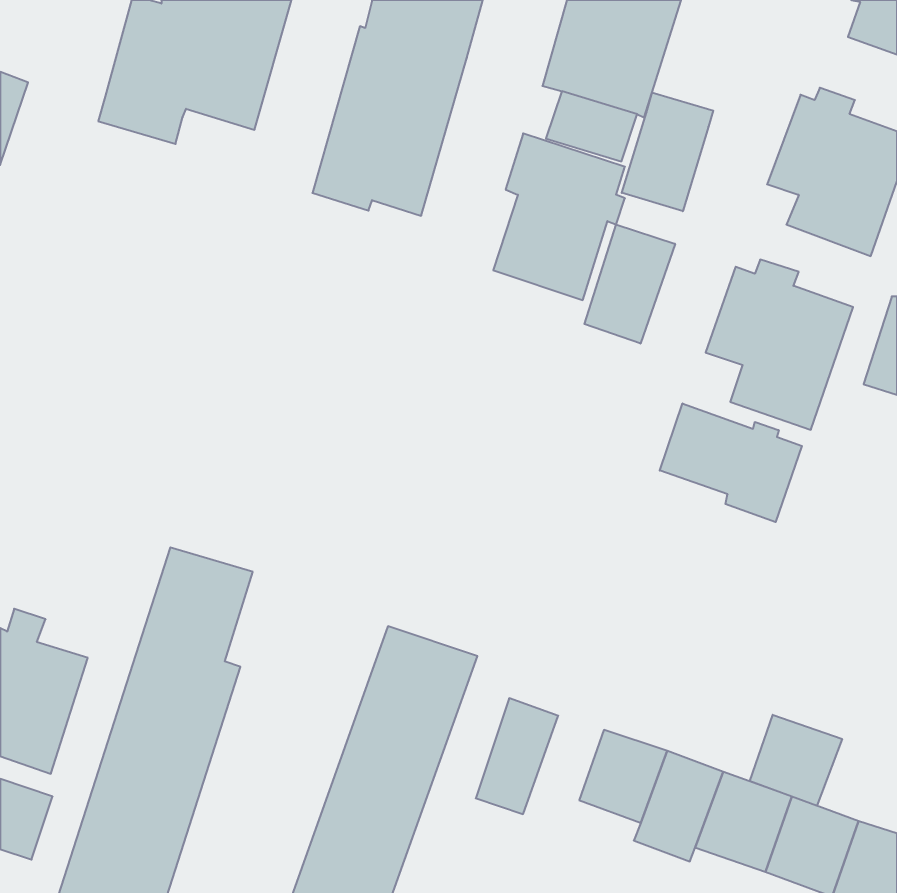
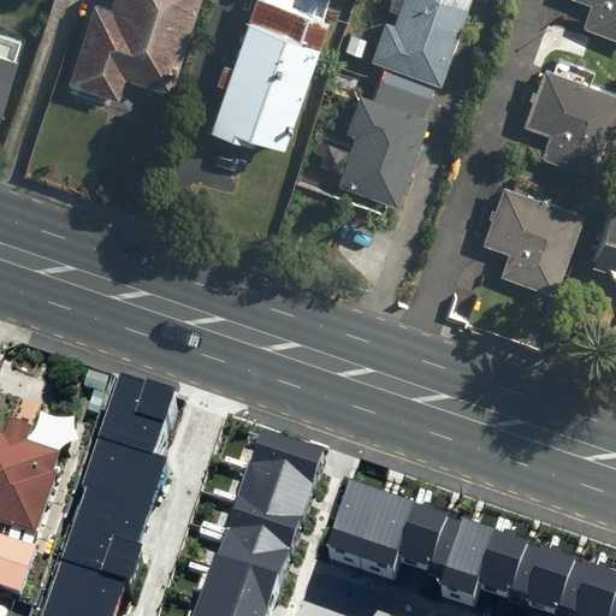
building: [622,92,713,211] -> none
building: [584,225,675,344] -> none
building: [660,403,802,522] -> none
building: [750,715,842,806] -> none
building: none -> [359,493,414,571]

